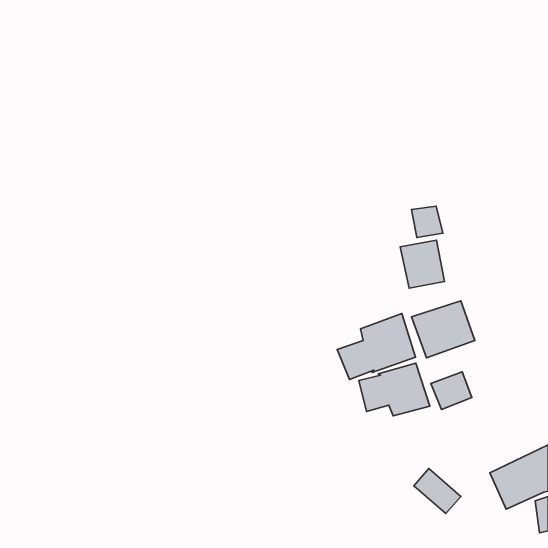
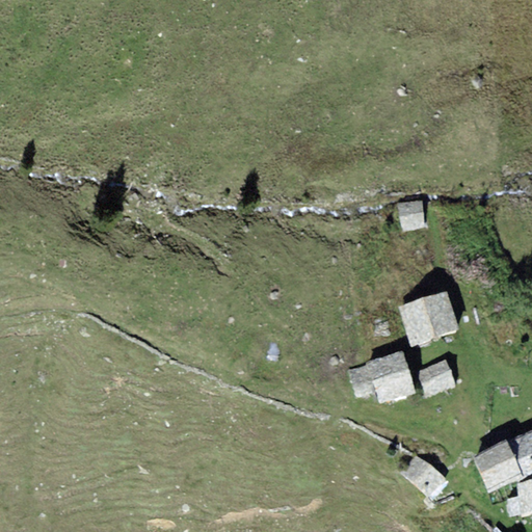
building: [400,240,445,288] -> none
building: [337,313,415,380] -> none

